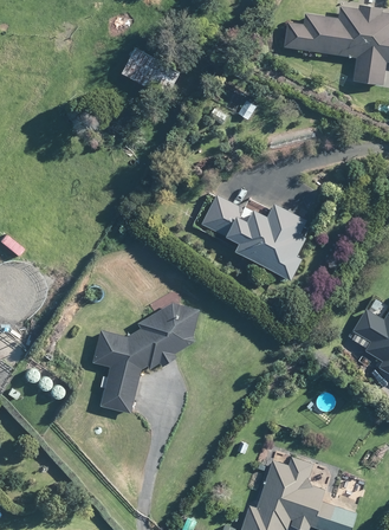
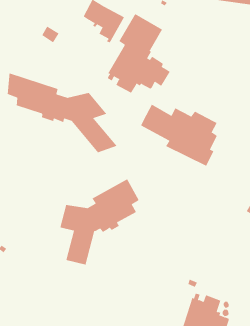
building: none -> [107,13,171,94]
building: none -> [7,73,117,153]

